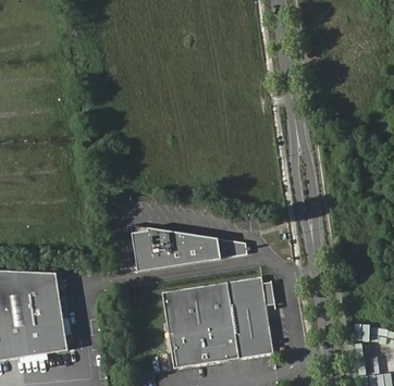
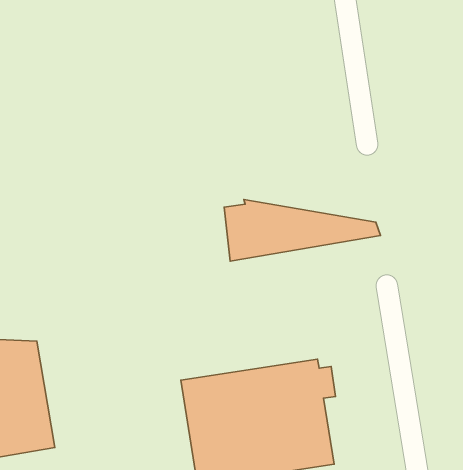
building: [133,223,246,267] -> [224,200,380,261]

